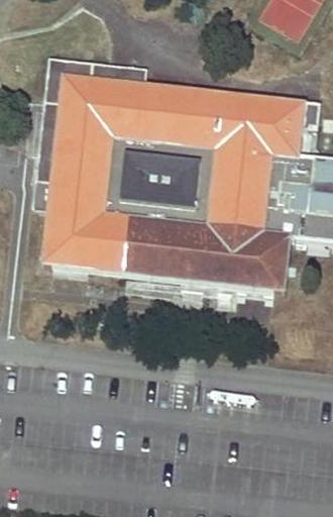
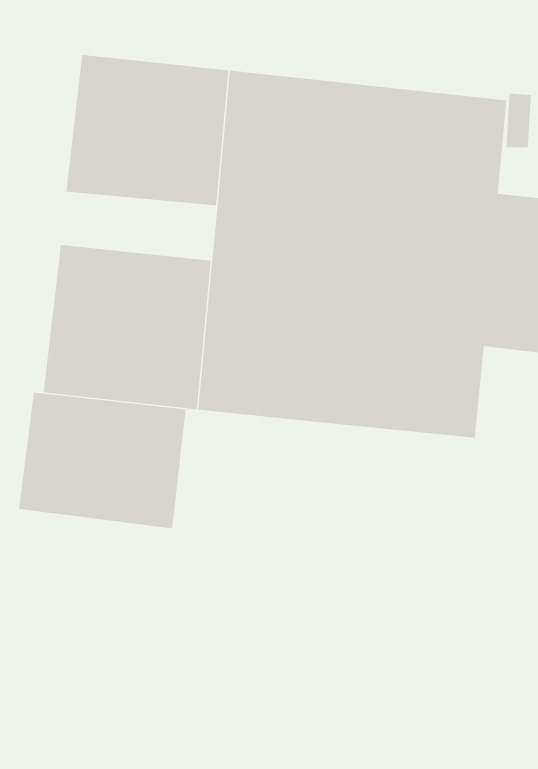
building: [47,150,137,190] -> none
building: none -> [19,392,186,529]

